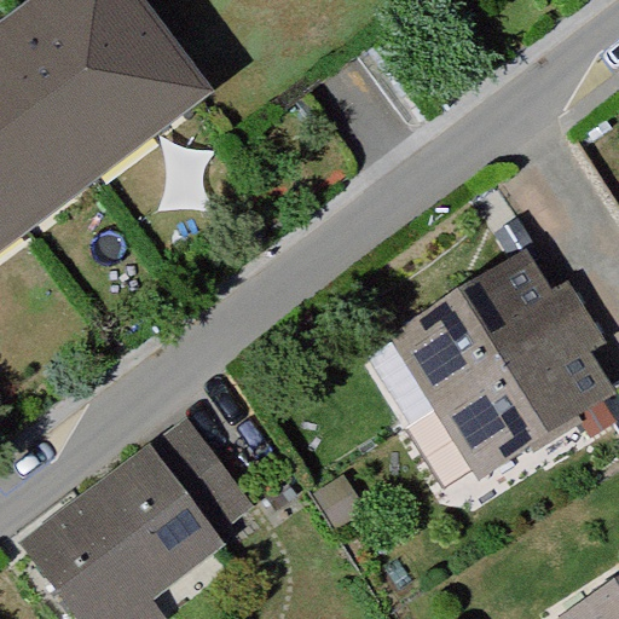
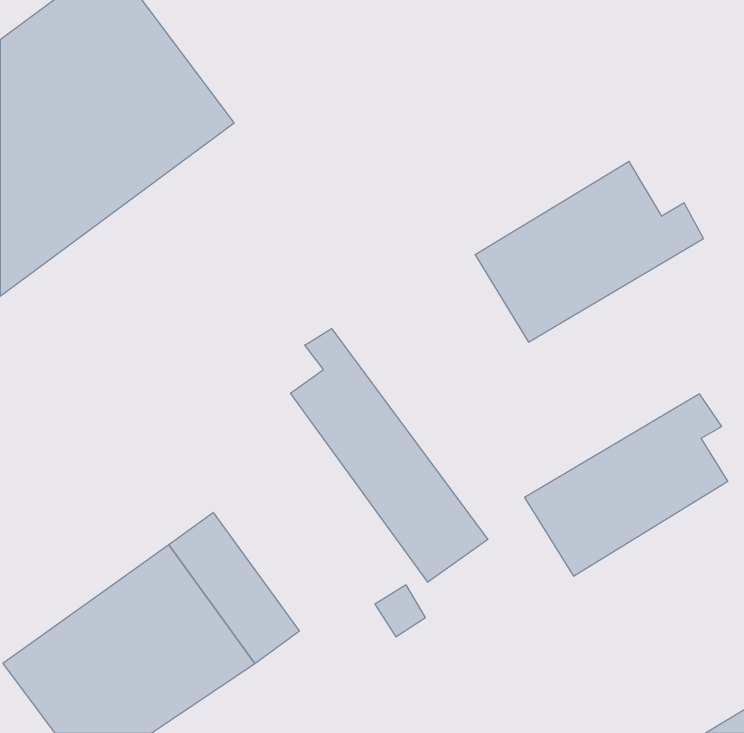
building: [395,259,582,406] -> [475,161,703,342]
building: none -> [291,329,488,582]

